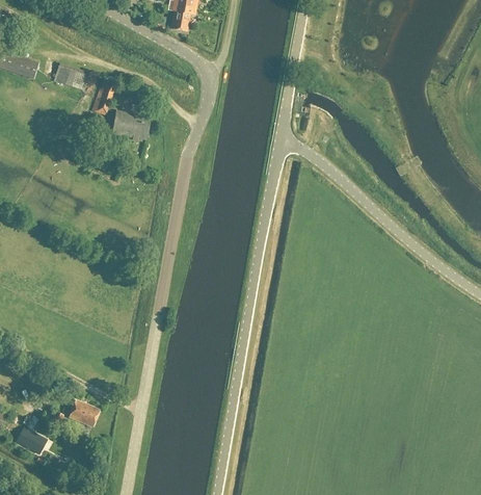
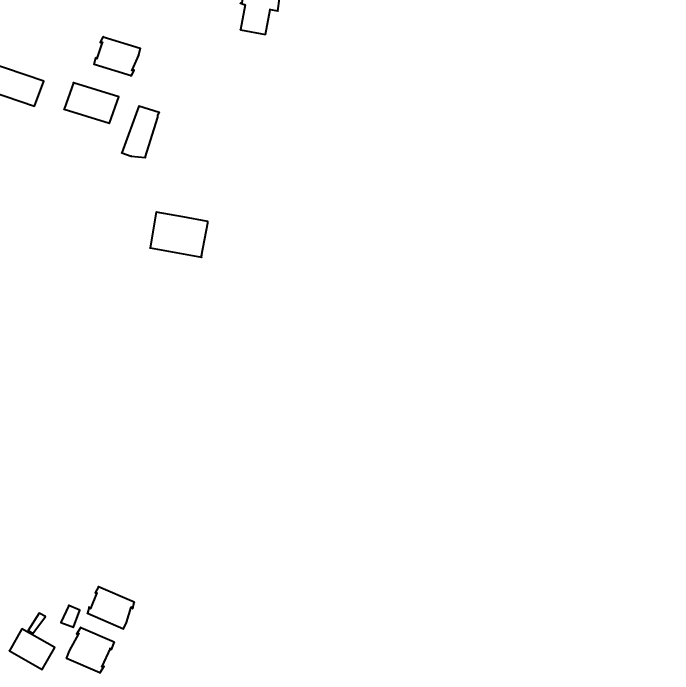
building: none -> [94,37,140,76]
building: [111,109,150,139] -> [150,212,208,257]
building: none -> [67,627,114,673]

